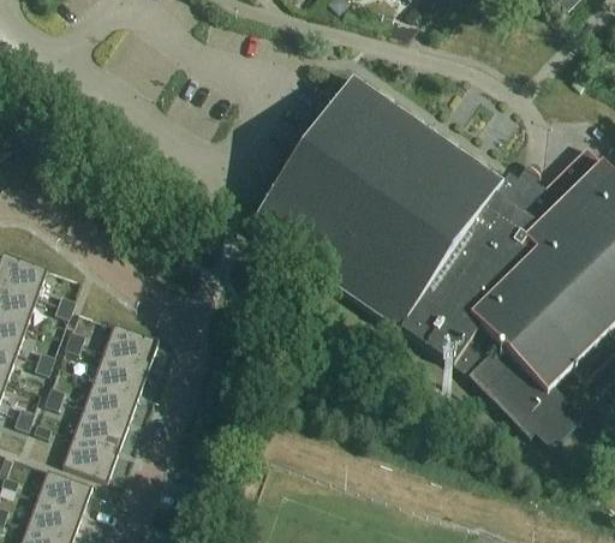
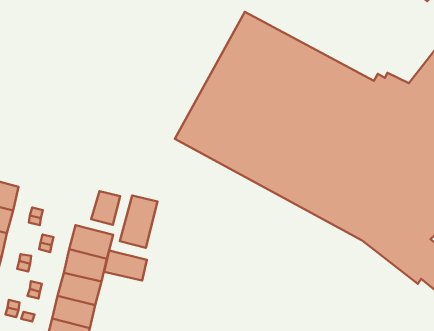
building: none -> [91,191,120,225]
building: none -> [120,195,157,248]
building: none -> [104,251,147,280]

